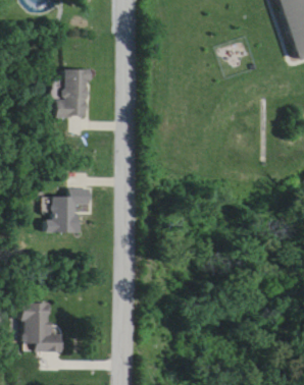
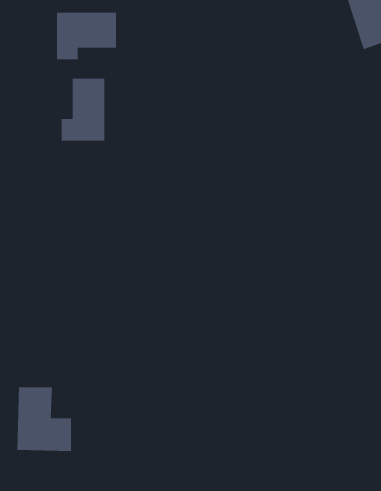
building: none -> [57,12,117,60]
building: [43,187,91,231] -> none

